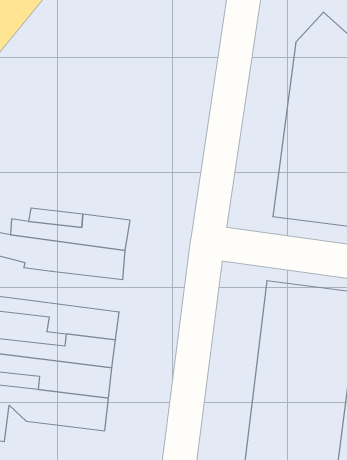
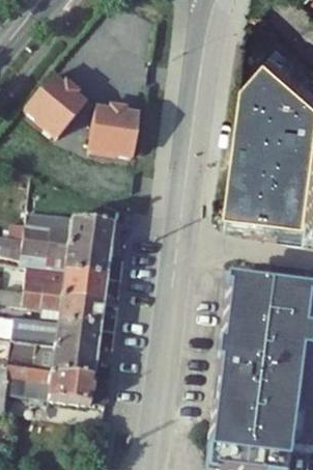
building: none -> [24,76,84,136]
building: none -> [88,106,138,156]
building: none -> [25,266,107,301]

